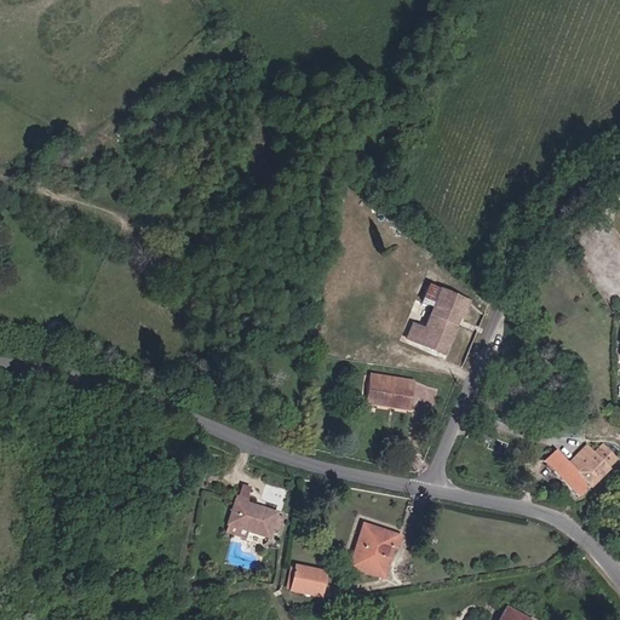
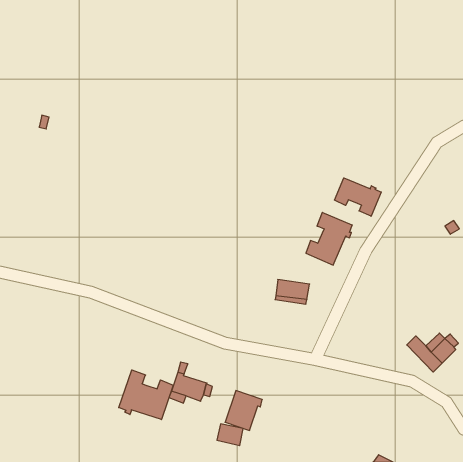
building: none -> [335,178,381,216]
building: none -> [119,370,173,420]
building: [350,523,400,576] -> [225,391,262,430]

